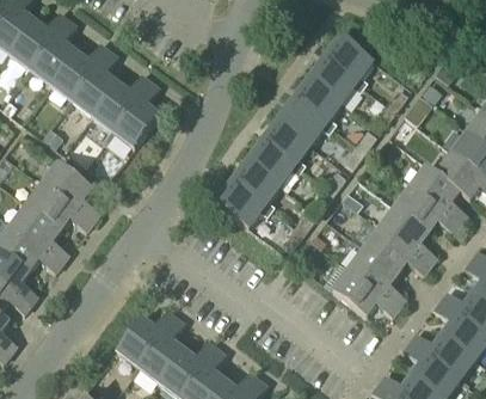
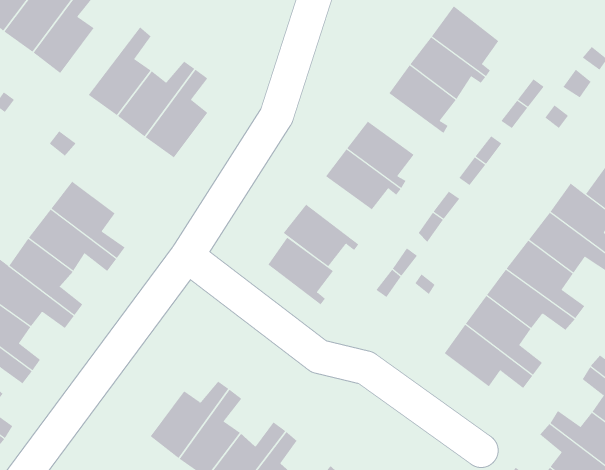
building: [51,42,110,99] -> none
building: [277,98,333,143] -> none
building: [232,159,281,209] -> [267,237,334,305]

